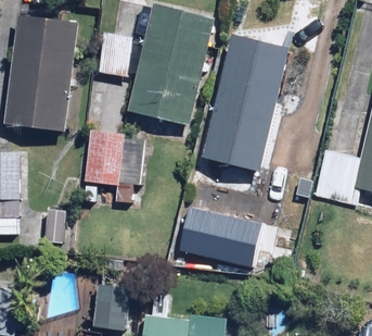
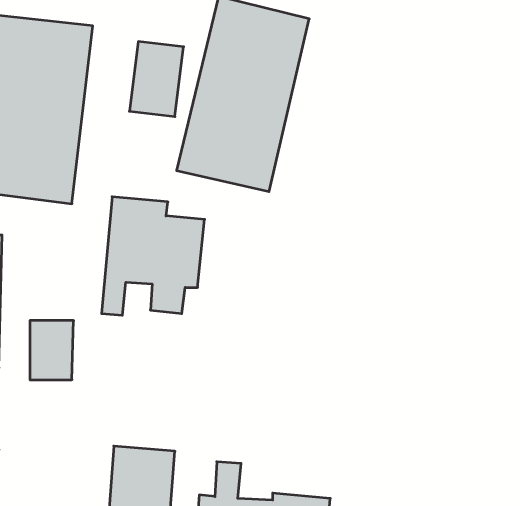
building: [201,34,287,170] -> none
building: [177,203,266,269] -> none

